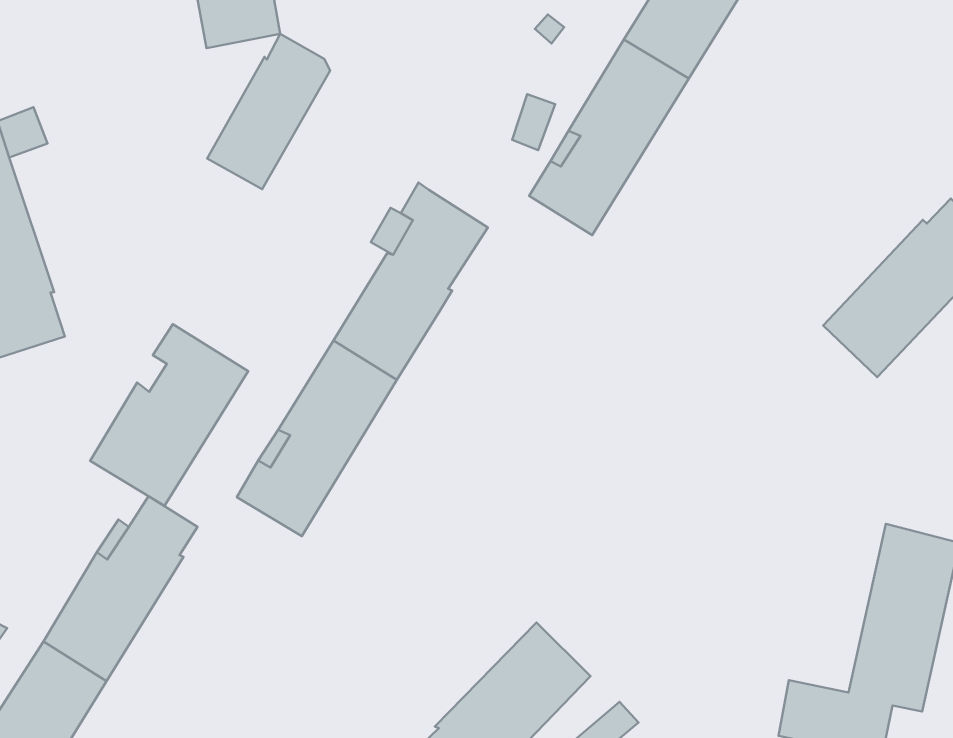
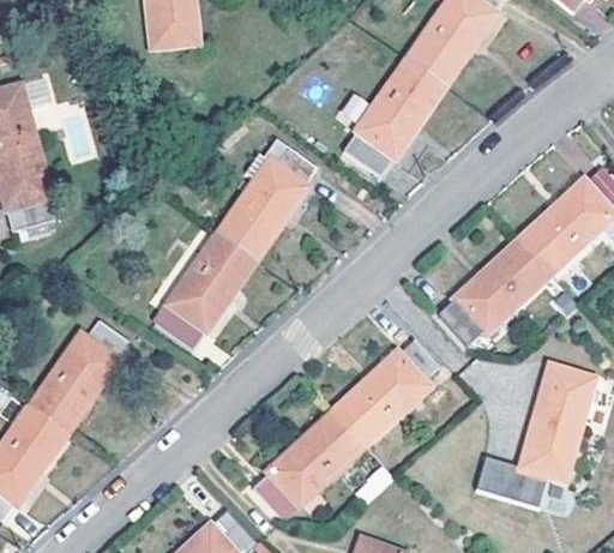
building: [207,34,330,189] -> none
building: [90,324,248,506] -> none
building: none -> [439,240,549,343]
building: none -> [332,338,439,446]

